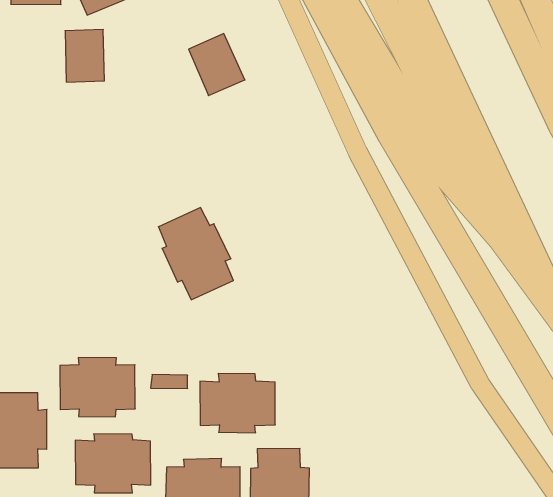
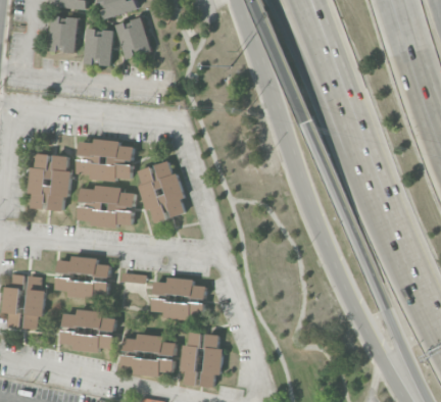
building: none -> [48,15,77,52]
building: [189,34,245,96] -> [114,16,151,58]
building: none -> [75,139,133,182]
building: none -> [28,153,70,211]
building: none -> [76,185,134,228]

